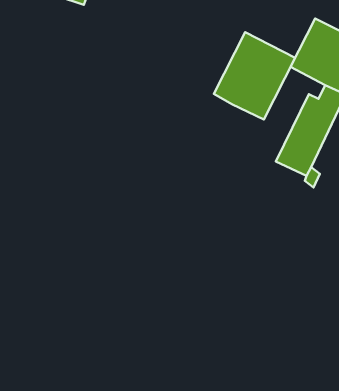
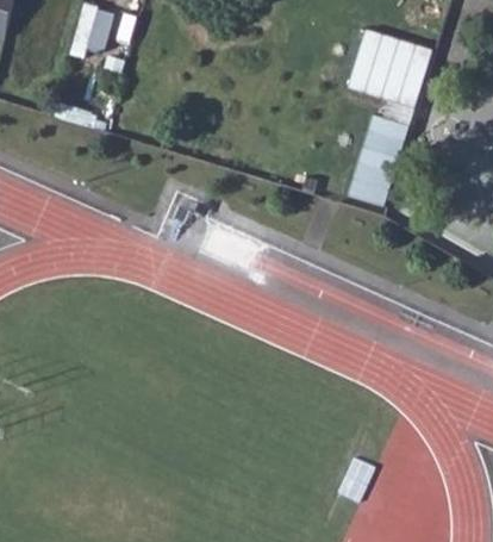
building: [214,32,295,120] -> none

